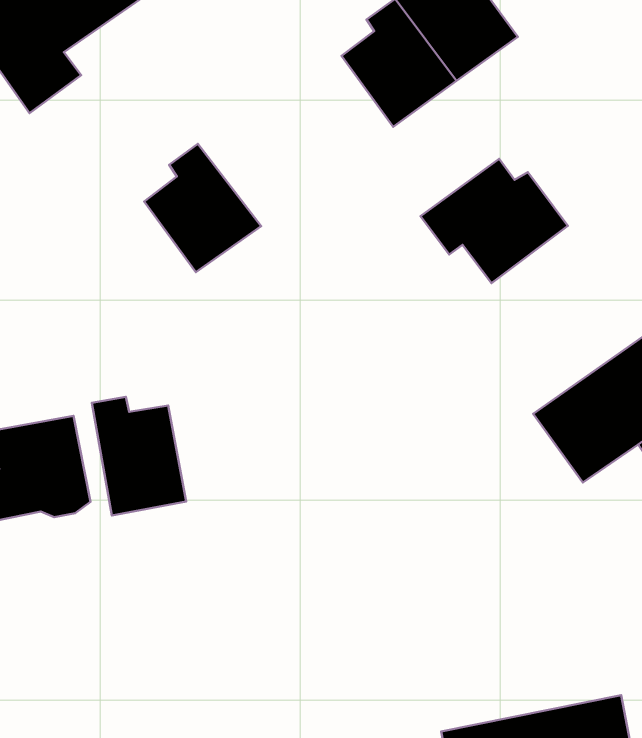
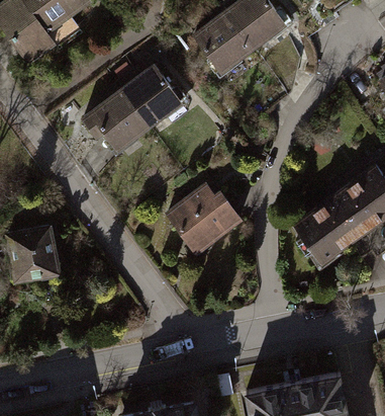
building: none -> [116,65,181,126]
building: [421,159,568,283] -> [165,183,243,249]
building: [92,397,186,515] -> none

